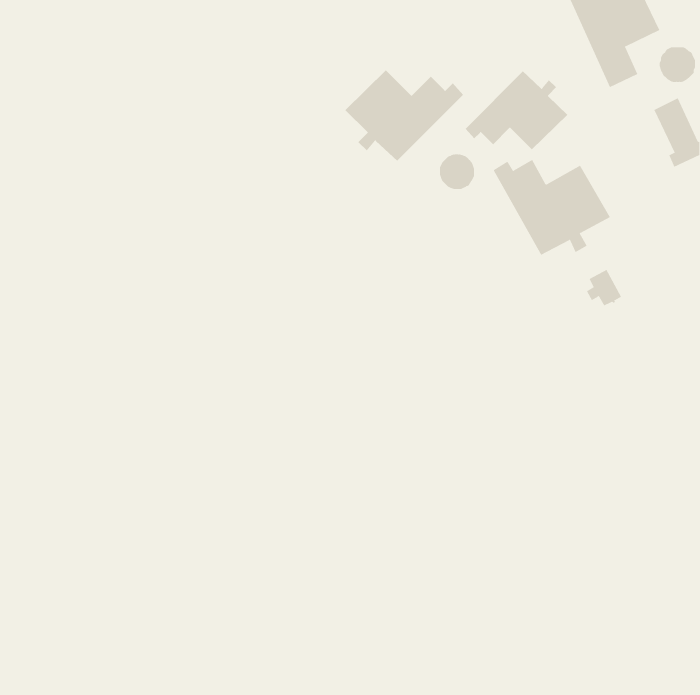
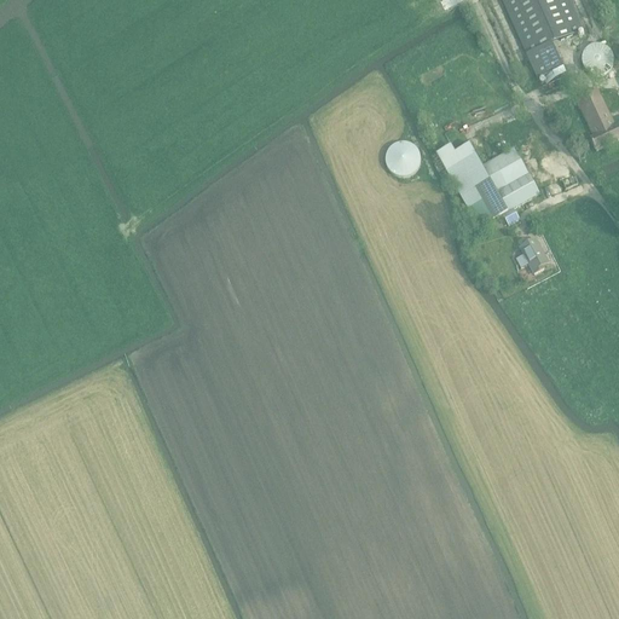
building: [344,70,464,162] -> none
building: [465,71,568,150] -> none

